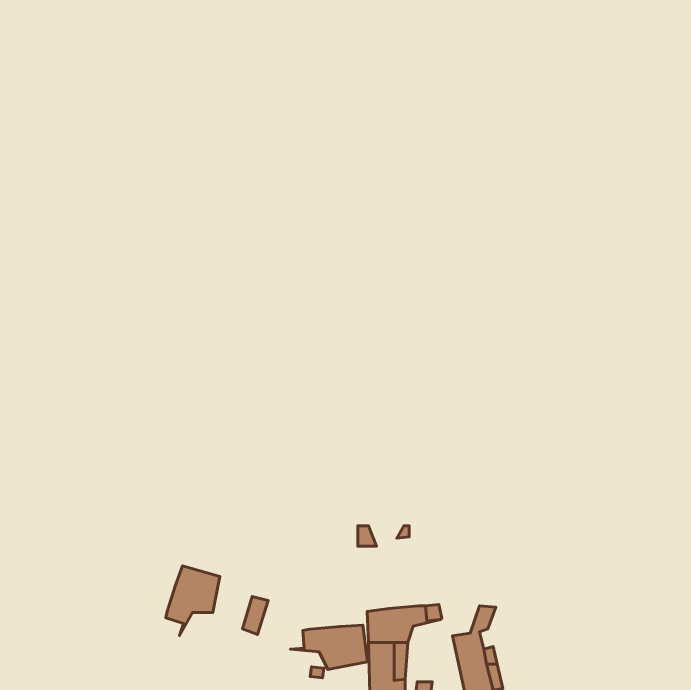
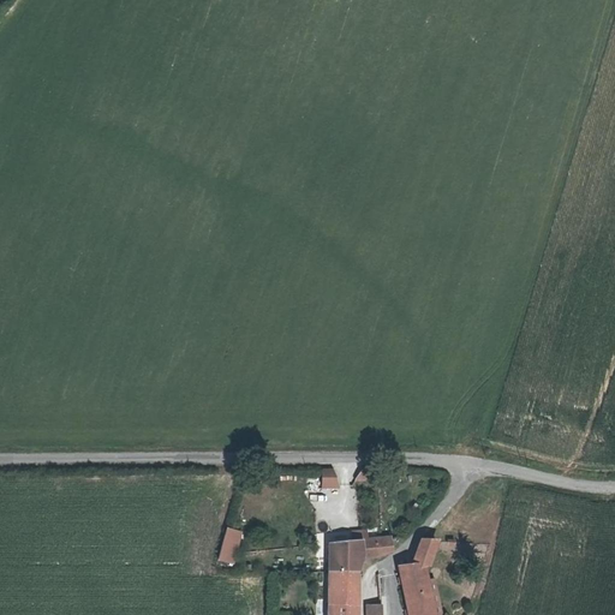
building: [166,566,220,635] -> none
building: [290,625,368,670] -> none

